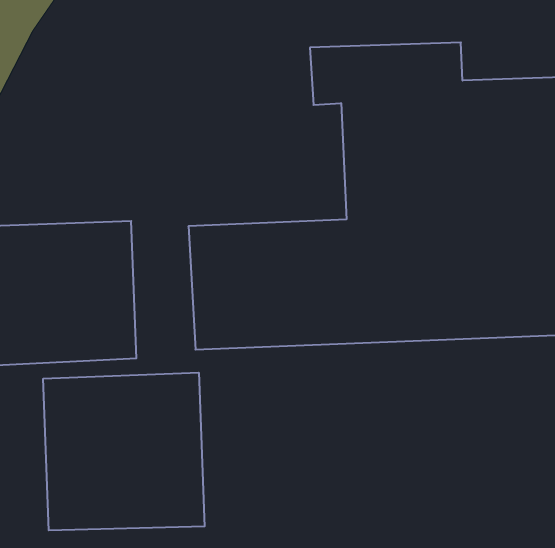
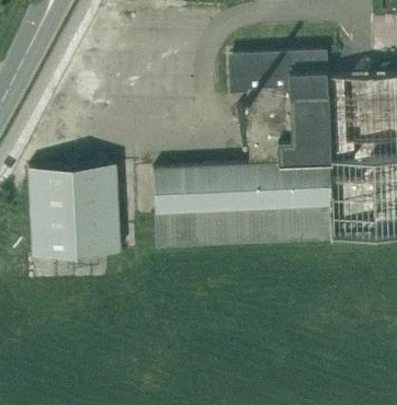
building: [43,373,205,530] -> none

